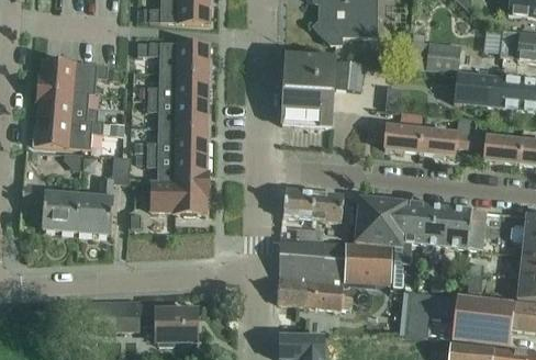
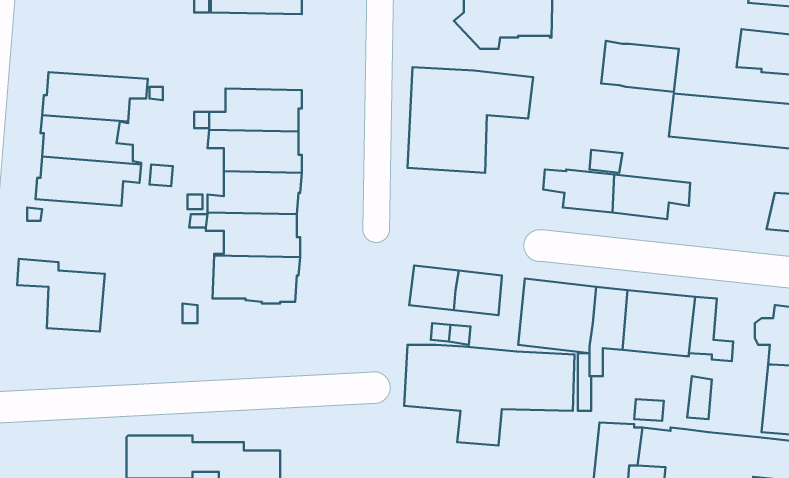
building: [138,41,212,71] -> none
building: [468,133,525,164] -> none
building: [77,155,131,235] -> none
building: [278,281,316,305] -> none

